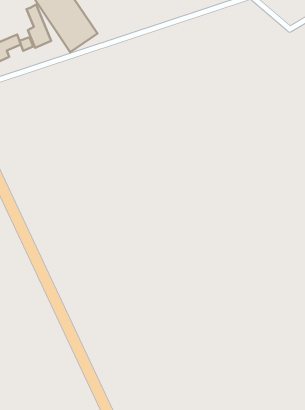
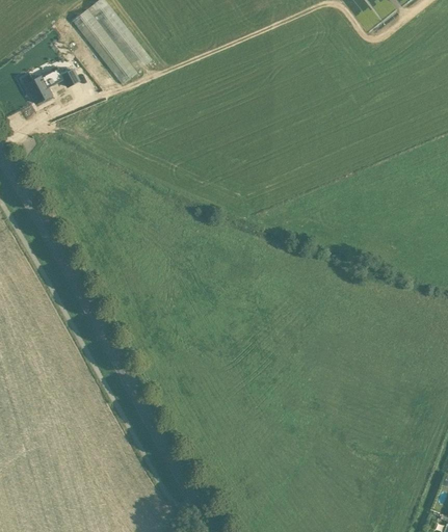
building: [27,5,51,48] -> none

